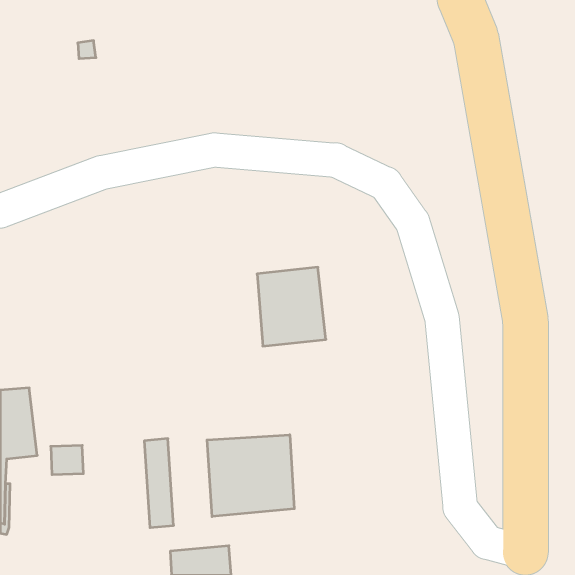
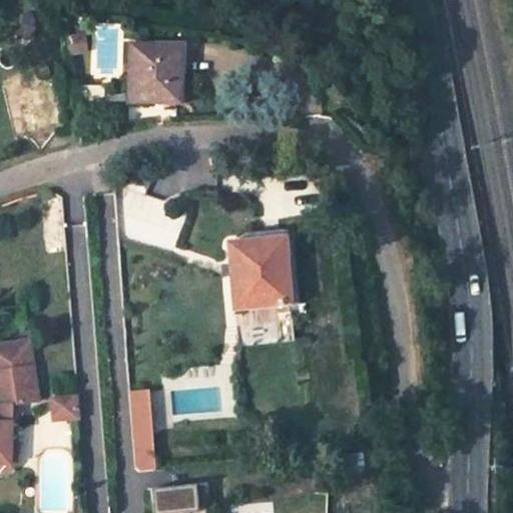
building: none -> [132,41,183,92]
building: [207,435,294,517] -> none

